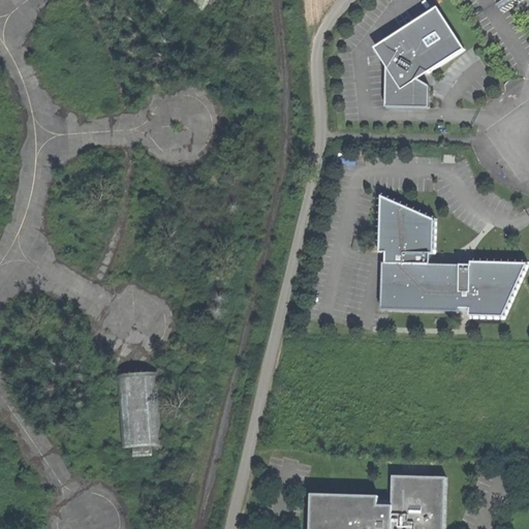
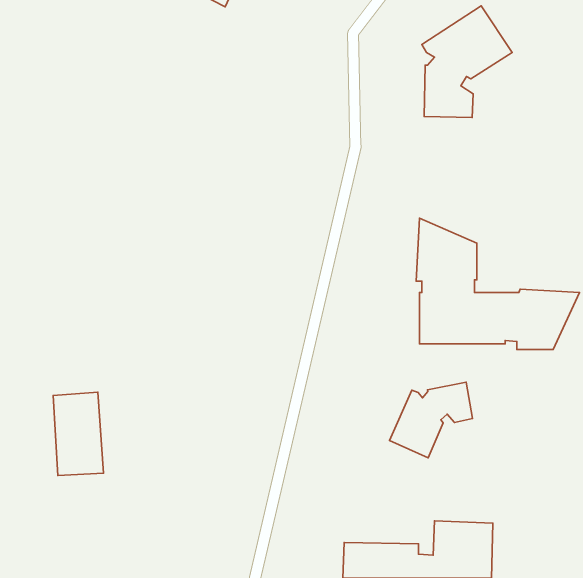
building: none -> [389,382,473,458]
building: [118,368,163,443] -> [53,392,104,476]

